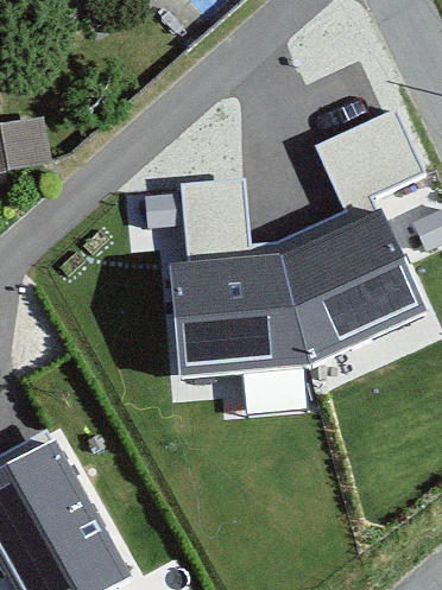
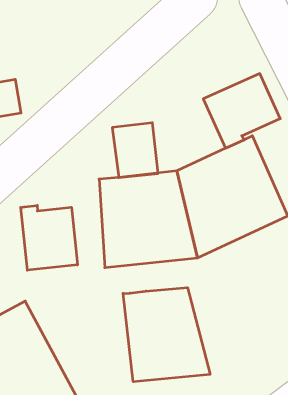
building: none -> [21,205,77,270]
building: none -> [123,288,210,382]

